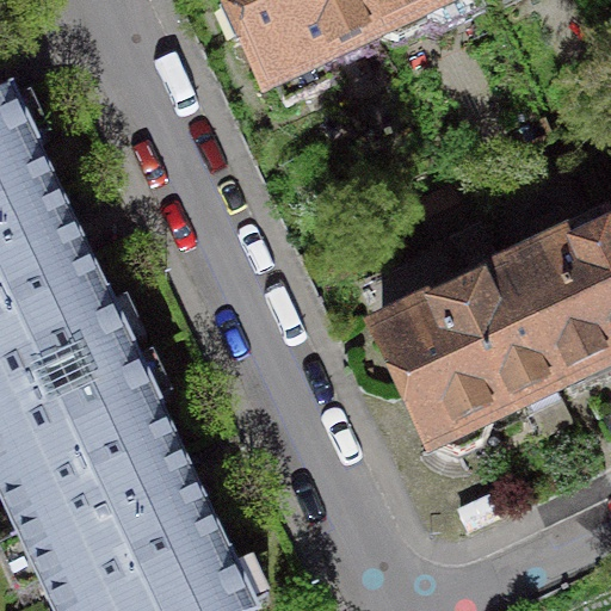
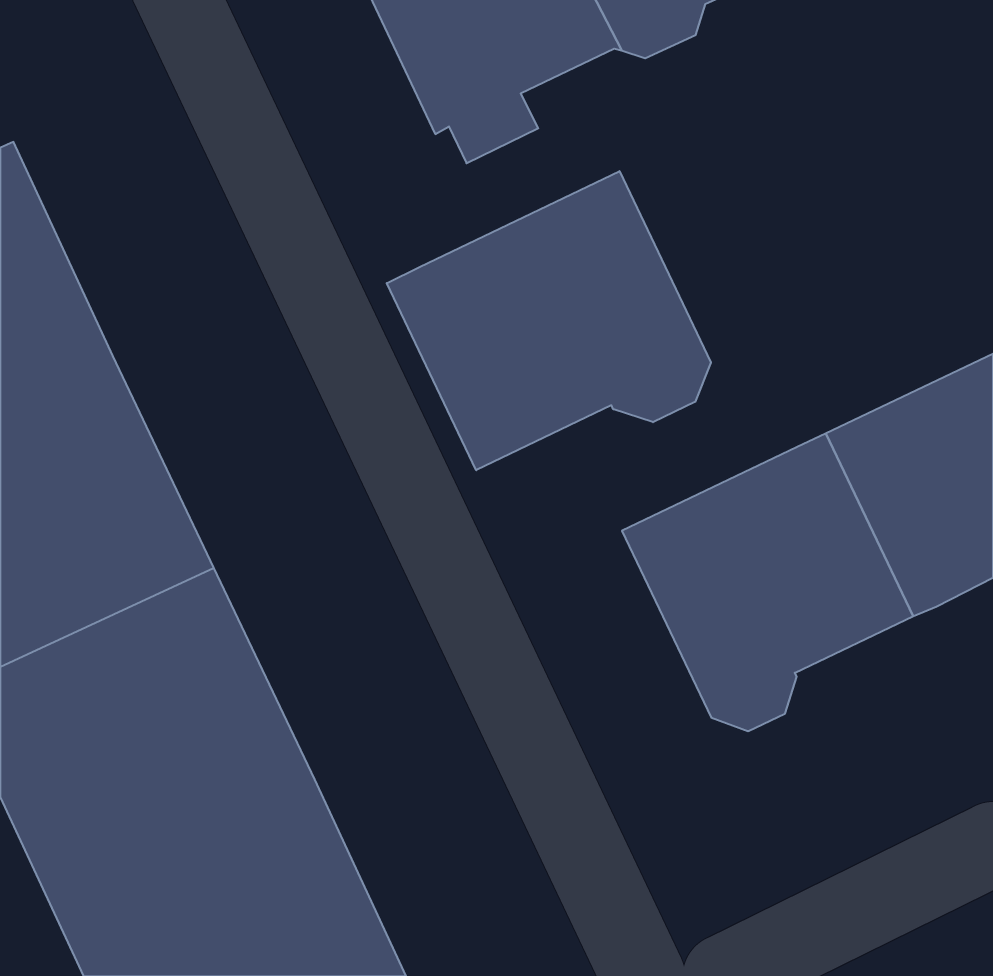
building: none -> [387,171,711,470]

